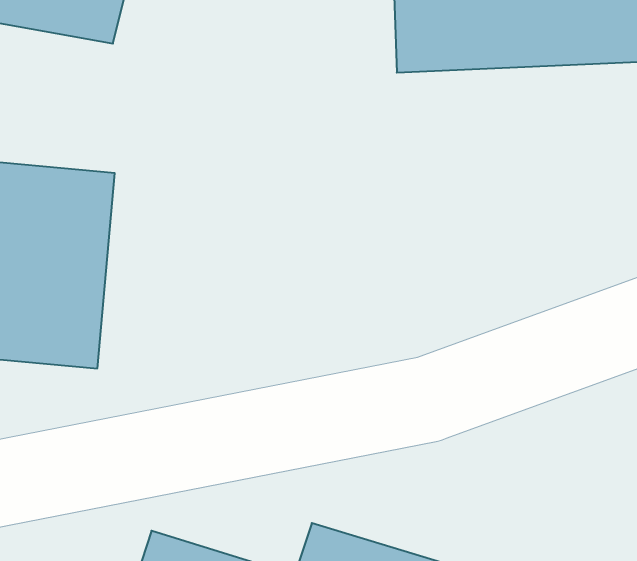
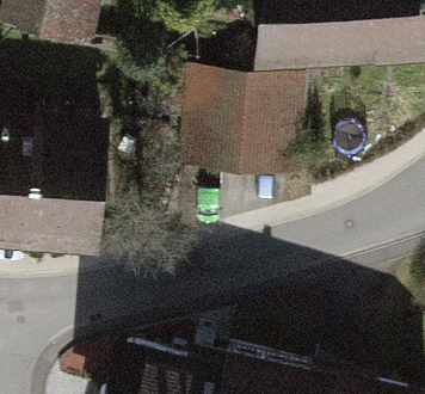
building: none -> [195,80,298,176]

